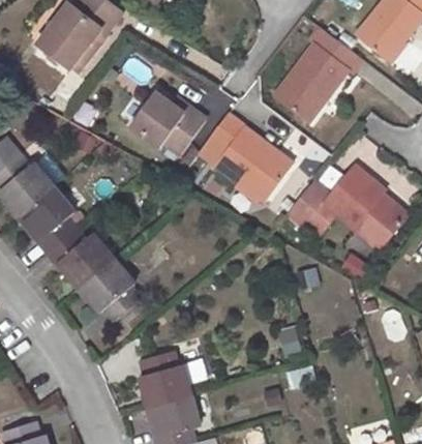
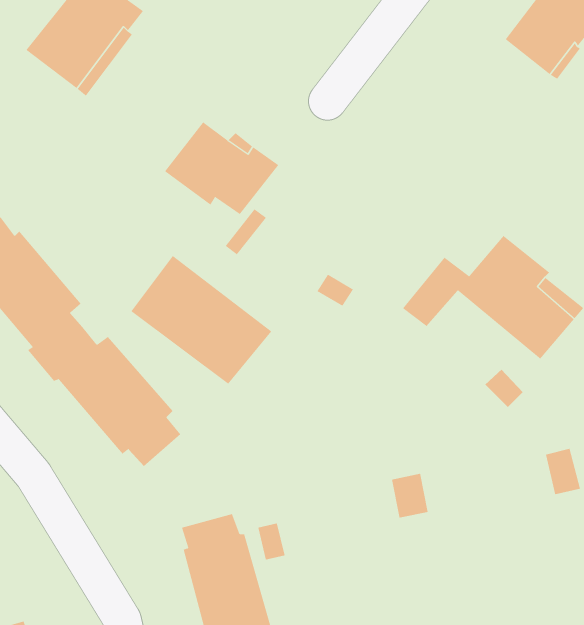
building: [274,27,361,121] -> none
building: [199,114,293,200] -> [131,255,272,384]

